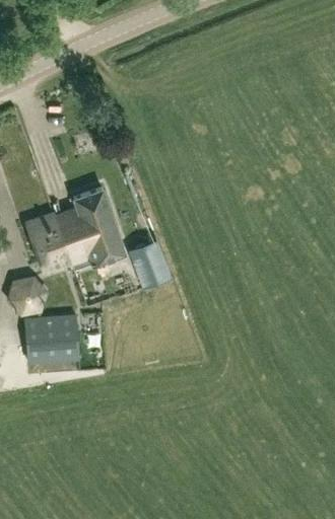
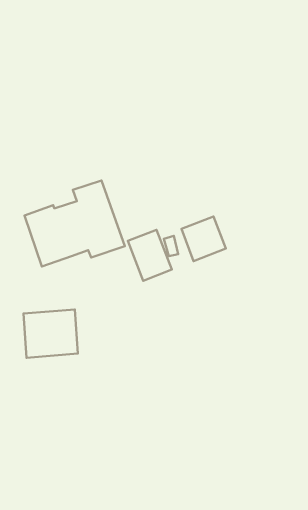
building: none -> [181,216,226,261]
building: [8,279,45,313] -> none

